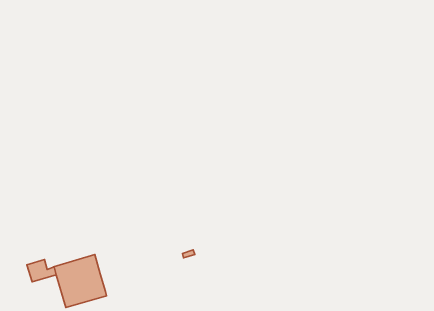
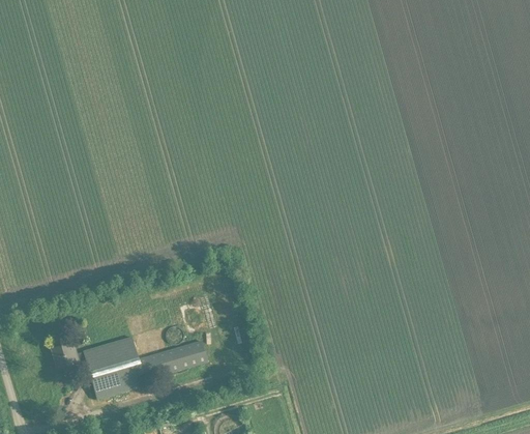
building: none -> [138,340,208,379]

